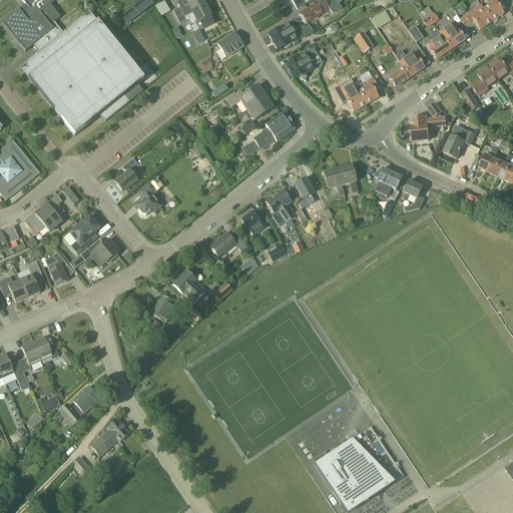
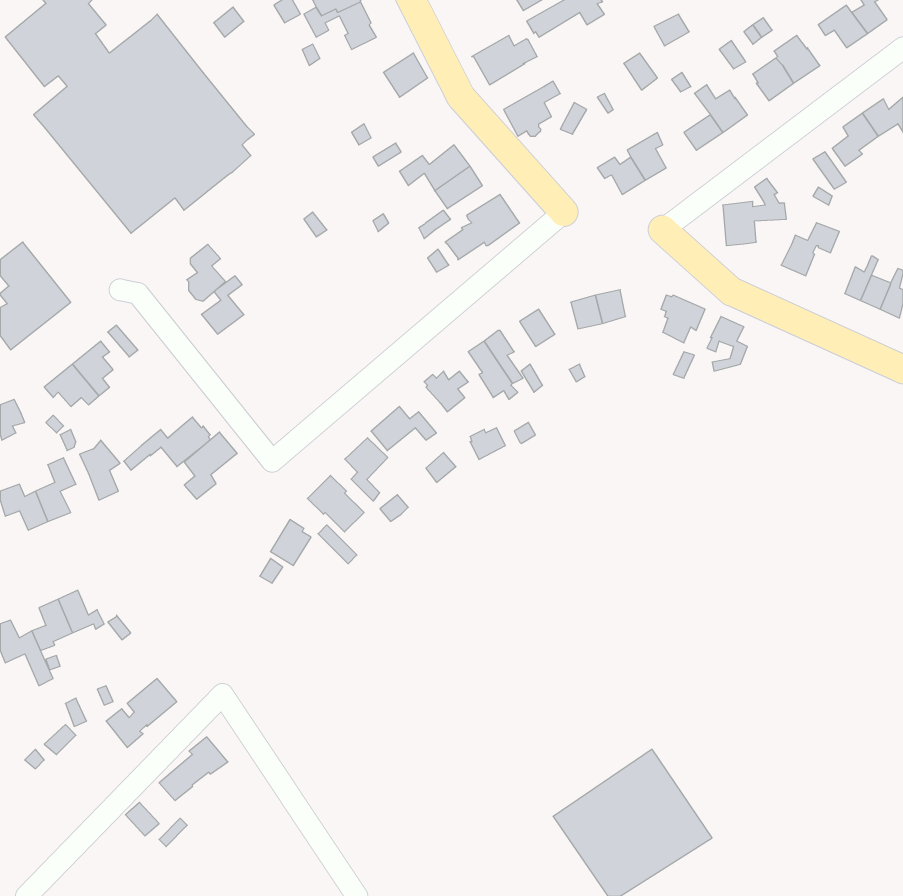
building: [137,181,159,213] -> [187,244,226,301]
building: [70,213,100,251] -> [184,432,237,499]
building: none -> [345,438,388,501]

